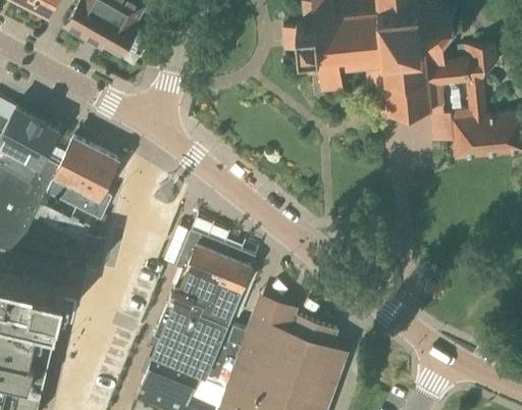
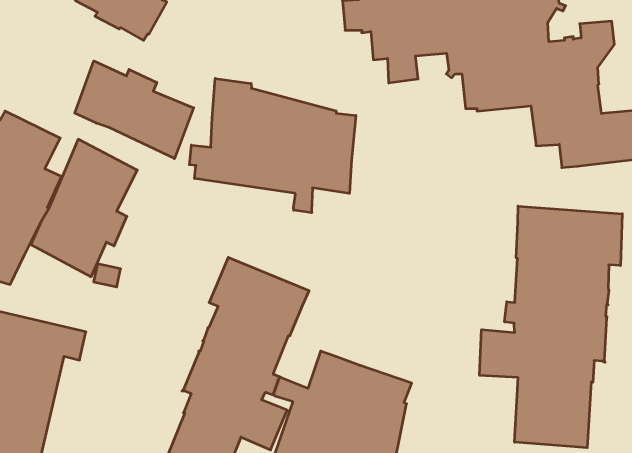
building: none -> [75,61,194,159]
building: none -> [189,78,356,213]
building: none -> [480,206,622,448]

